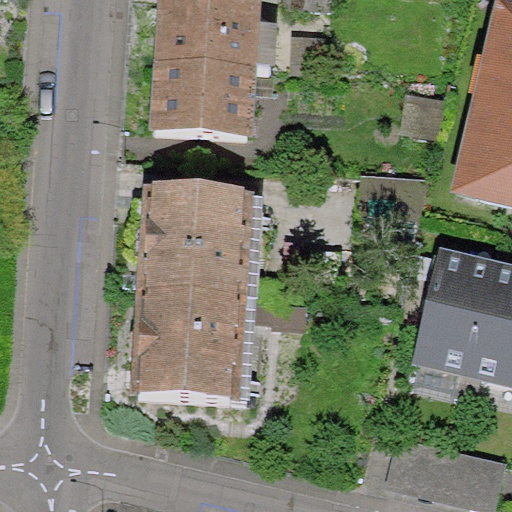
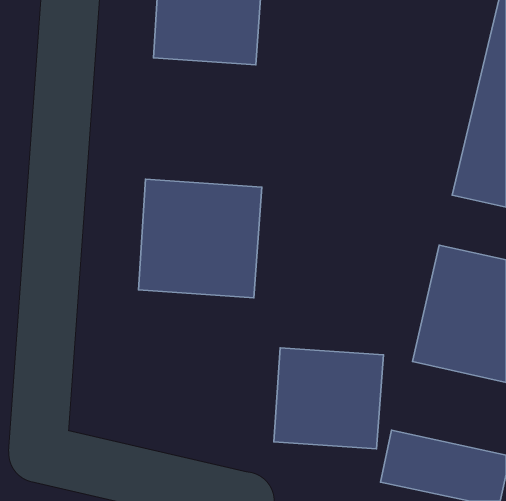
building: [149,58,257,137] -> none
building: [132,291,255,404] -> none
building: none -> [274,348,384,449]

